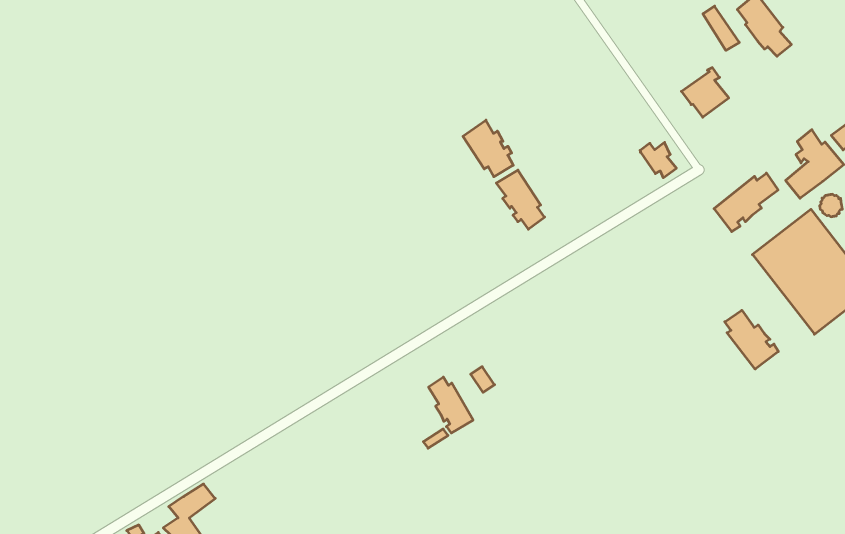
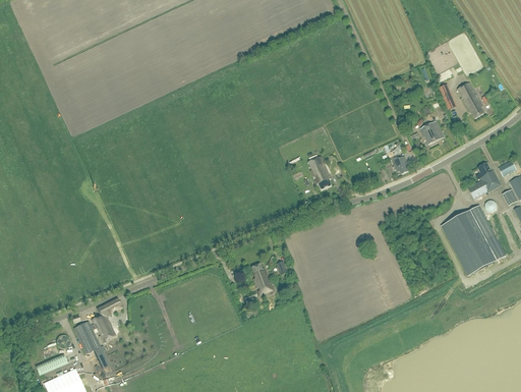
building: [463,120,513,177] -> none
building: [714,173,778,232] -> none
building: [725,310,778,369] -> none

